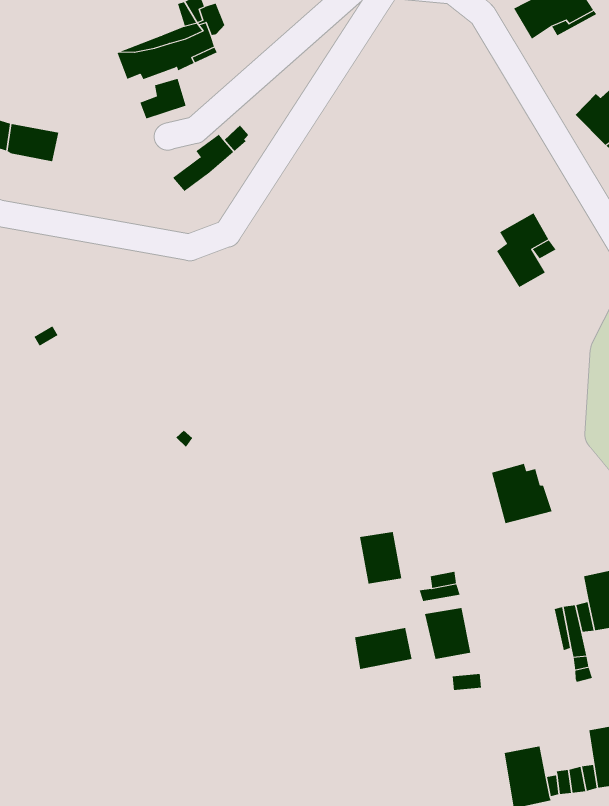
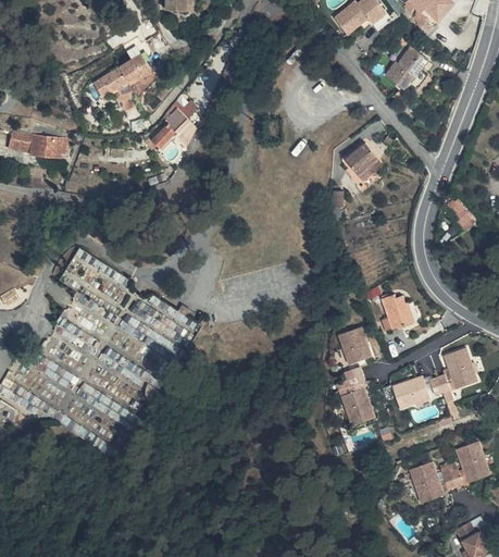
building: [359,531,402,584] -> [336,327,366,362]
building: none -> [387,376,422,407]
building: [355,627,412,670] -> none

